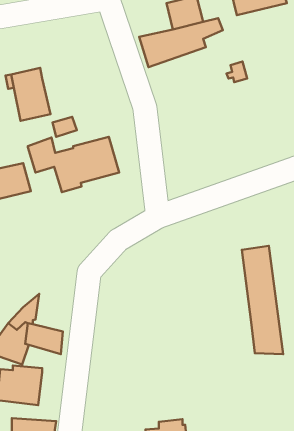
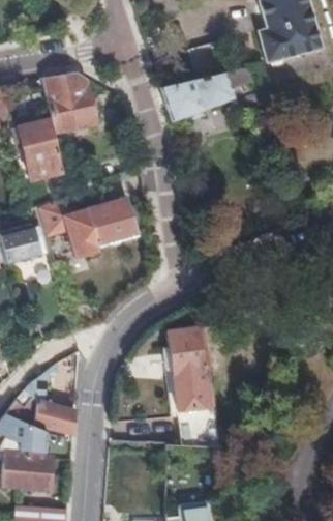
building: none -> [42,74,95,133]
building: [242,246,283,354] -> [168,328,213,447]

